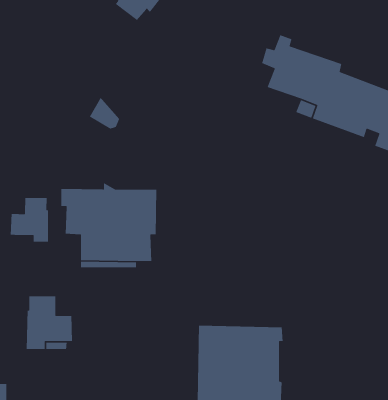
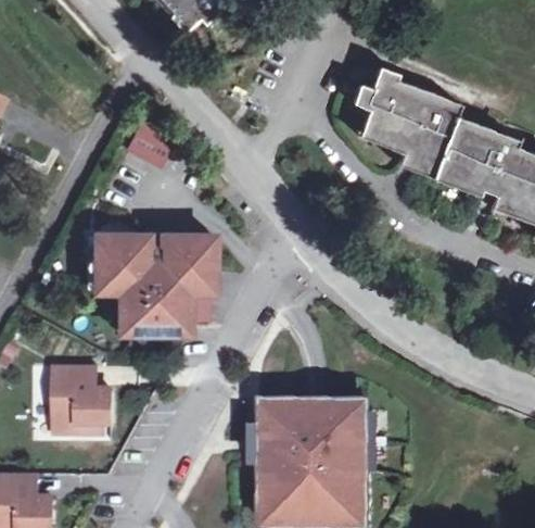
building: [10,197,49,243] -> none

